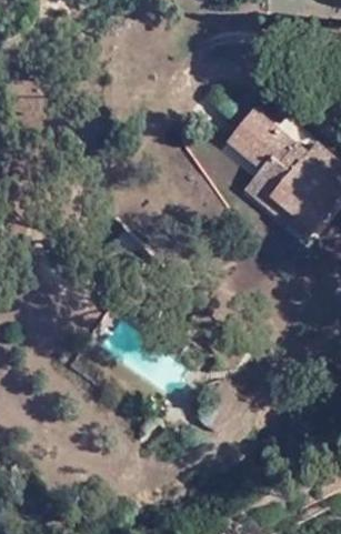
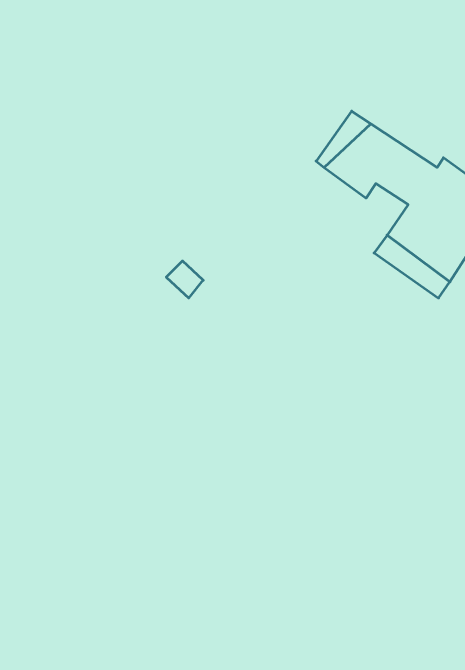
building: [247,159,290,206] -> none

